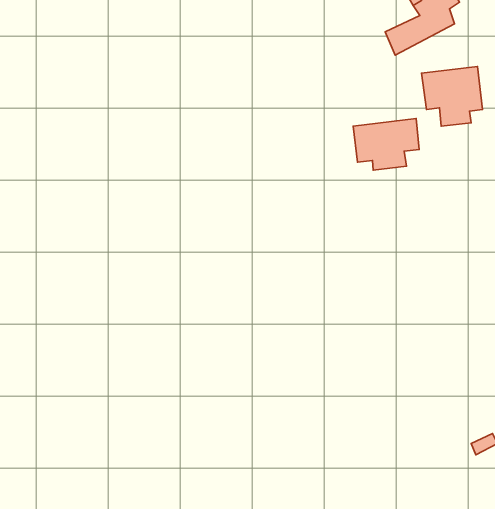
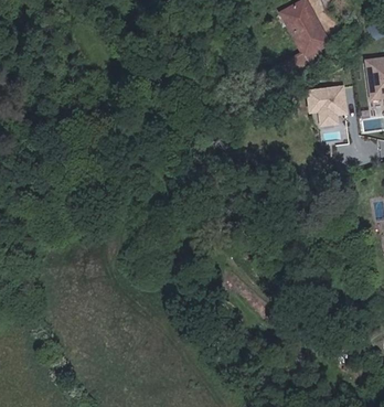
building: [353,119,419,170] -> none

